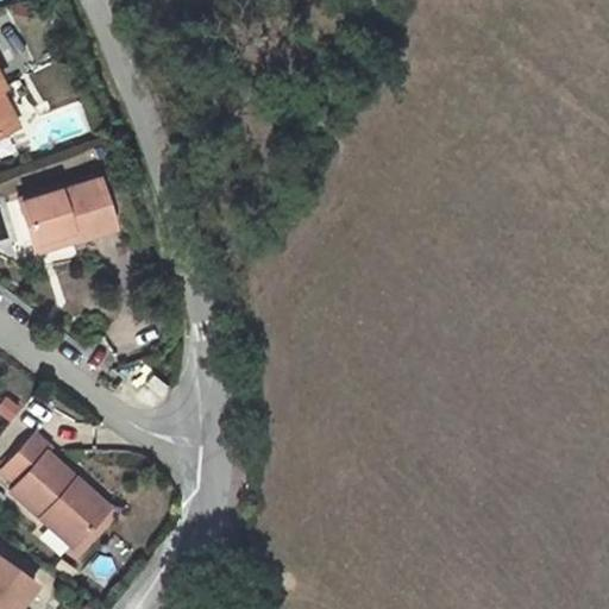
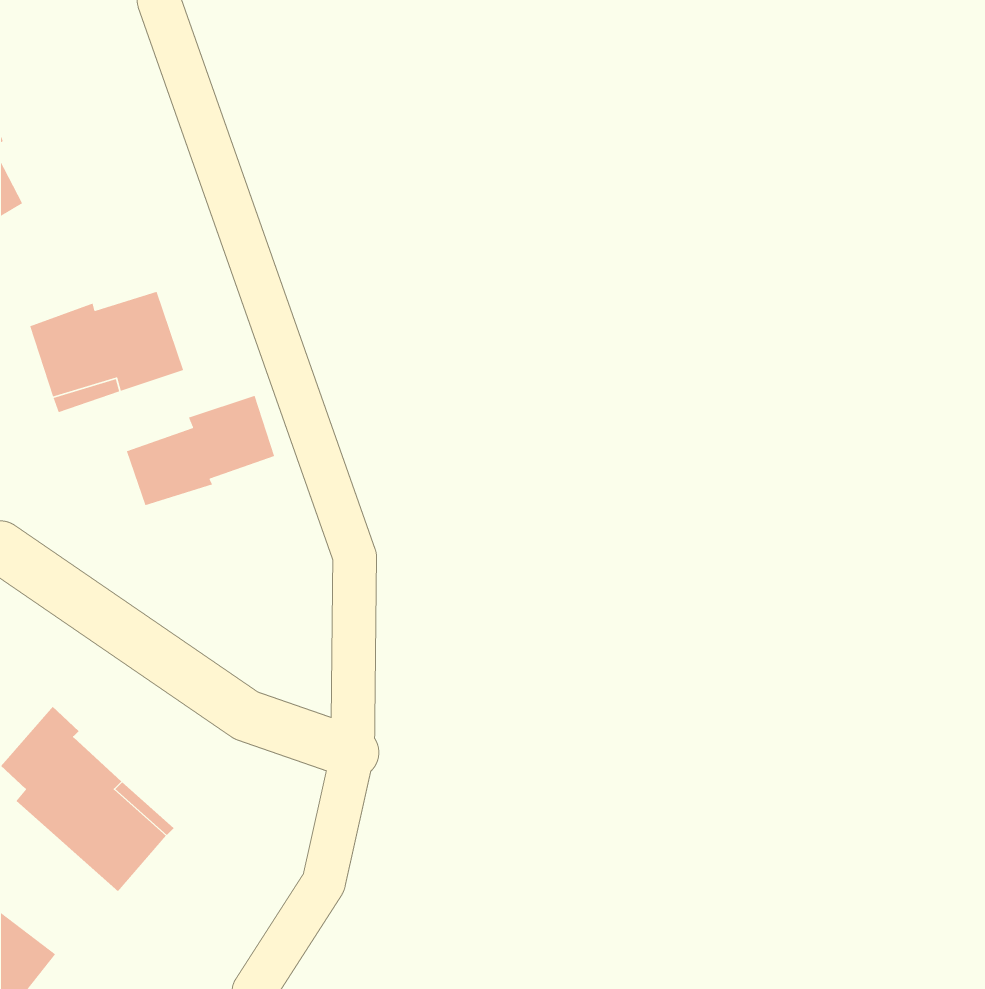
building: none -> [126,395,275,506]

